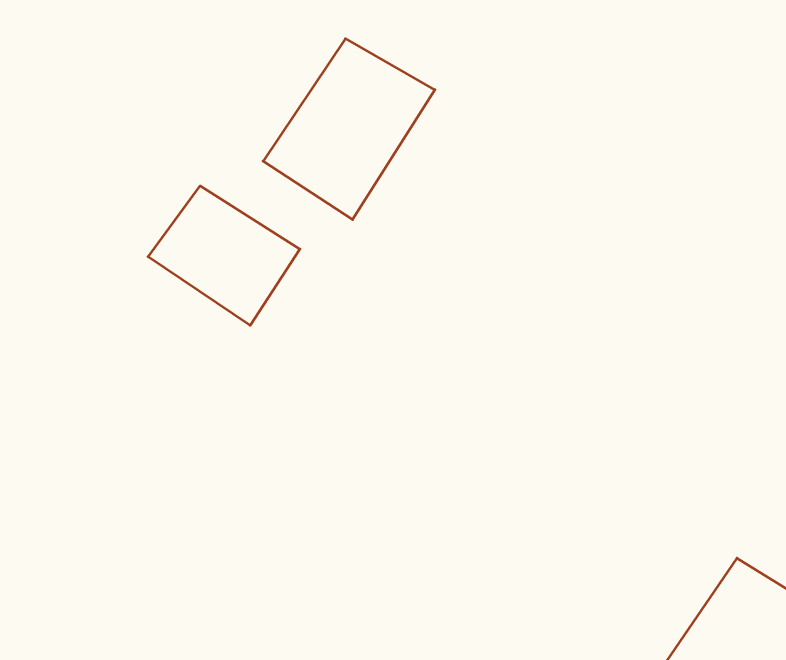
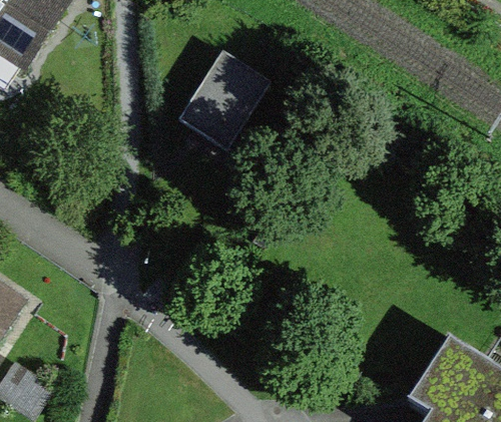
building: [148,186,300,325] -> none

